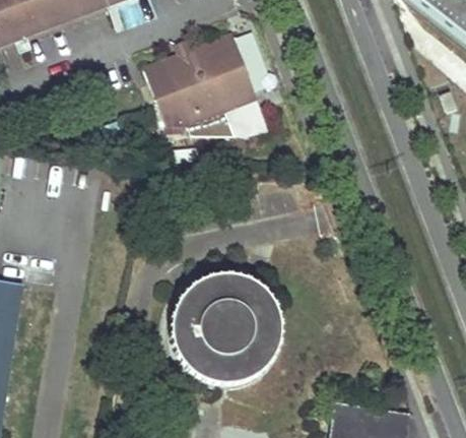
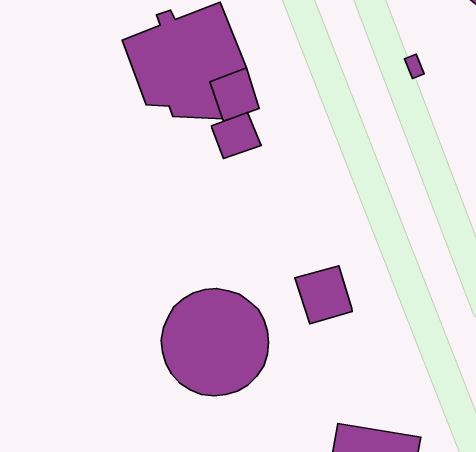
building: none -> [212,112,261,158]
building: none -> [295,266,352,324]

